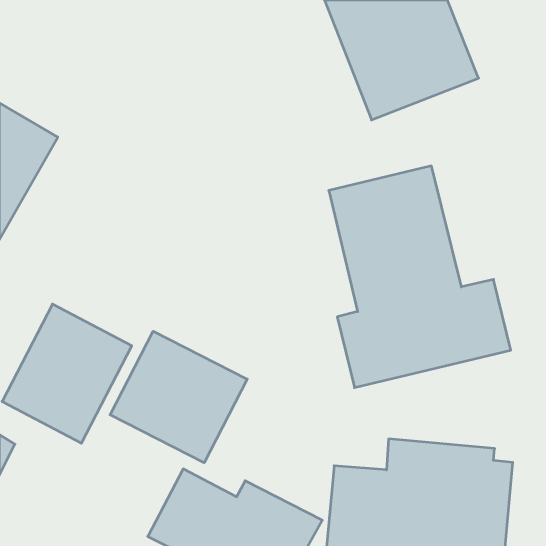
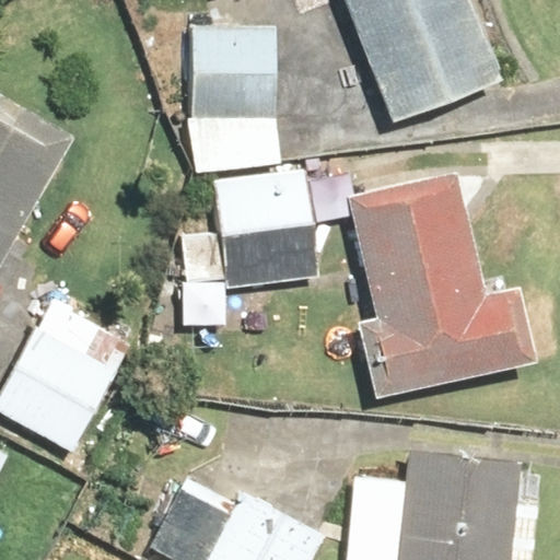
building: none -> [196,31,287,168]
building: none -> [187,182,327,282]
building: [110,331,247,463] -> none

